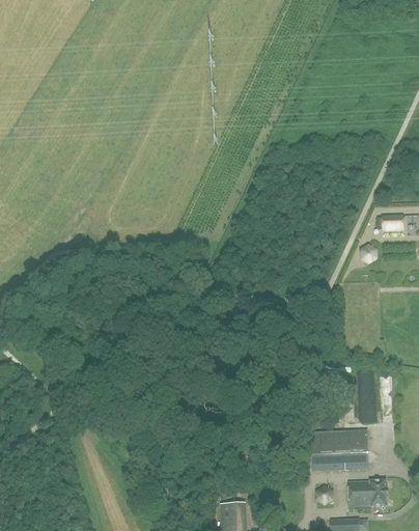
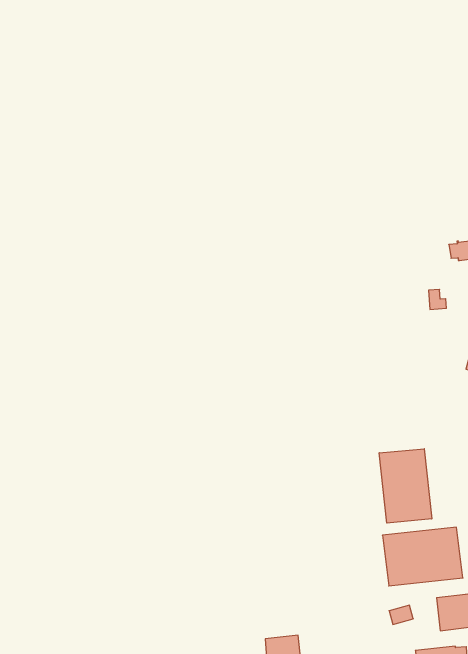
building: none -> [379,449,432,523]

